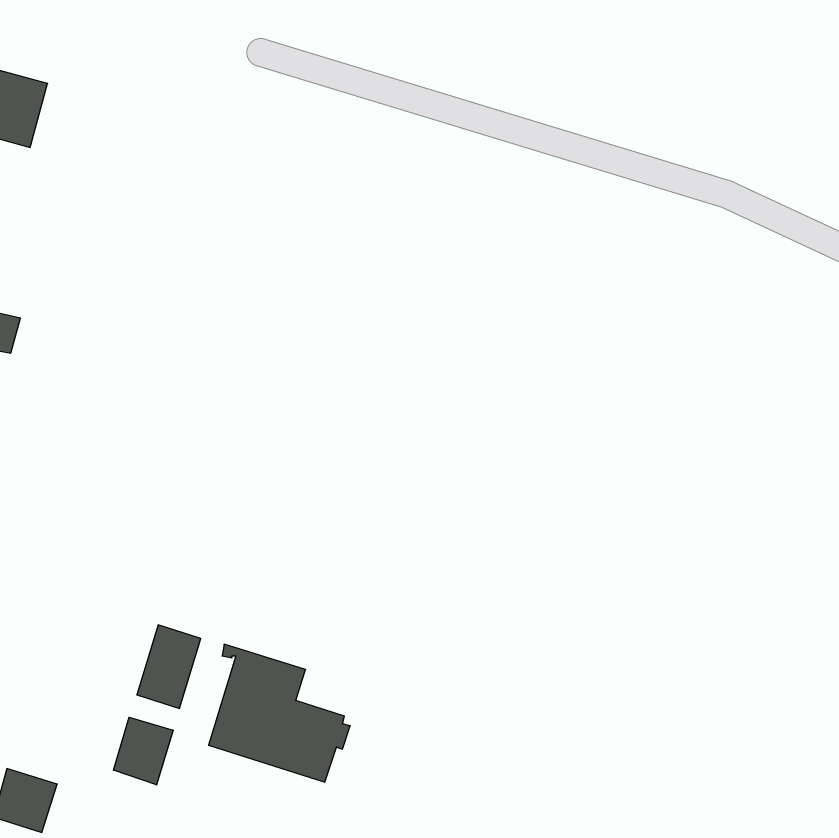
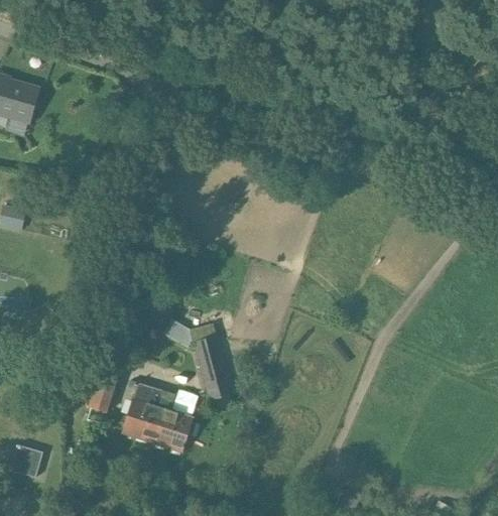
building: none -> [160,318,232,401]
building: [113,717,173,785] -> none

